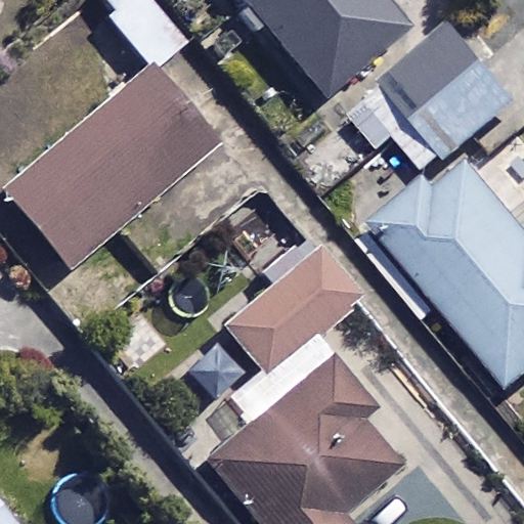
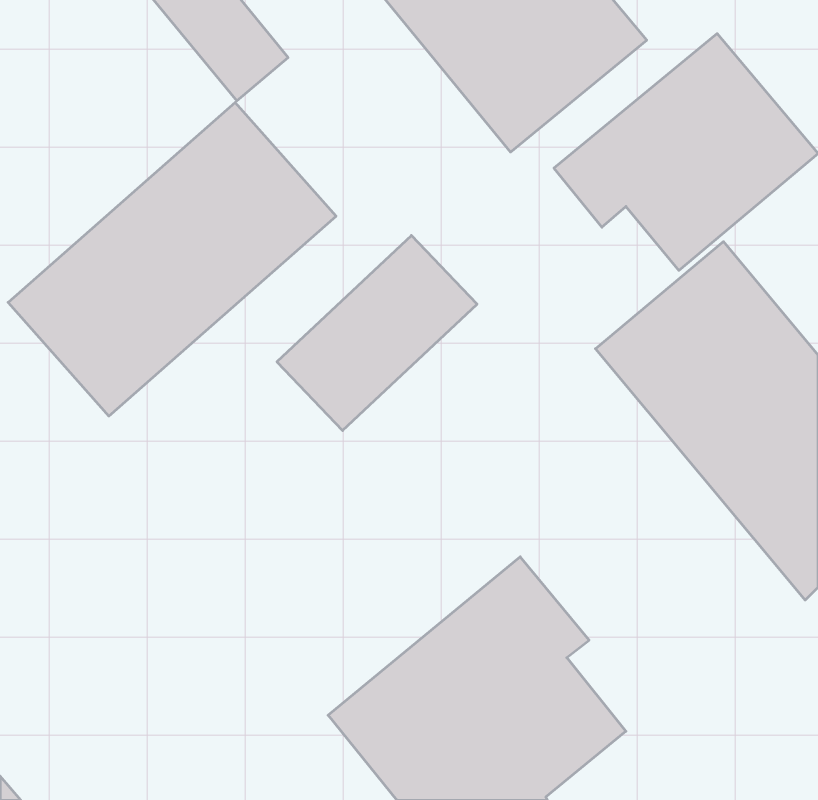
building: [222,249,350,374] -> [277,235,477,431]

